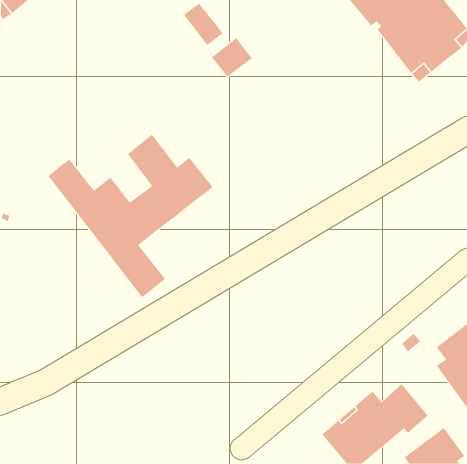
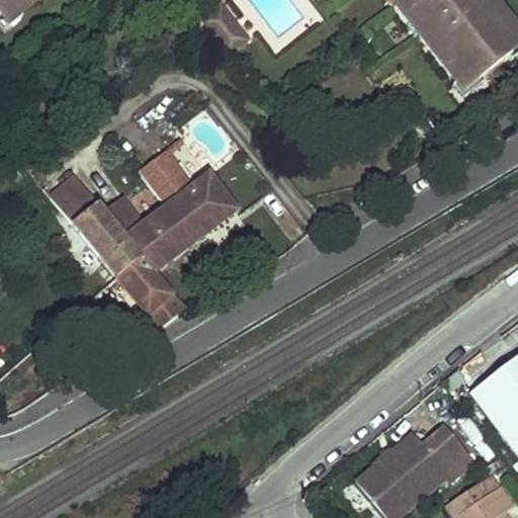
building: [211,37,253,77] -> none

